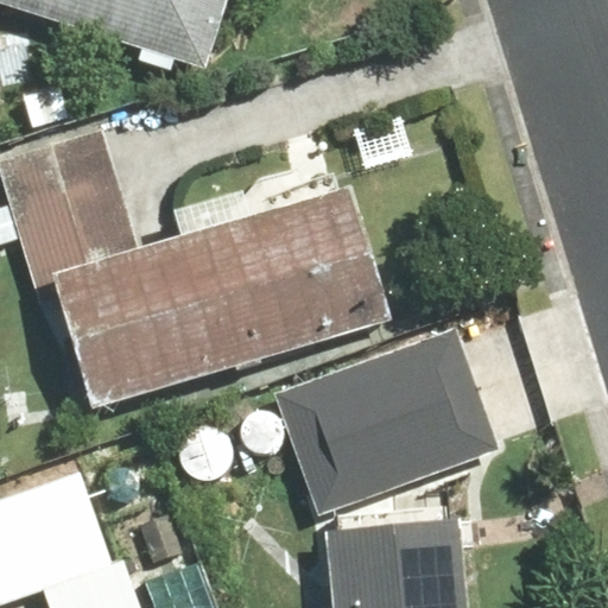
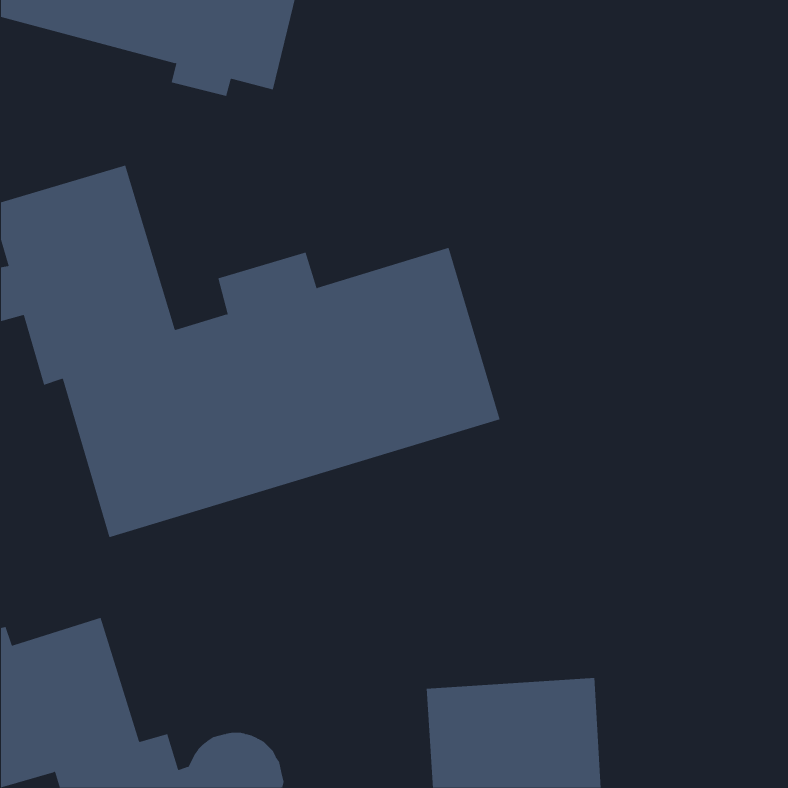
building: [241,331,492,513] -> none

